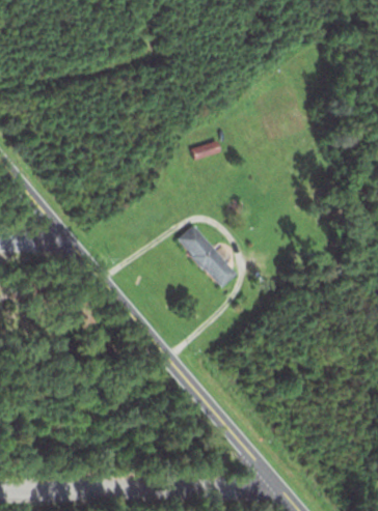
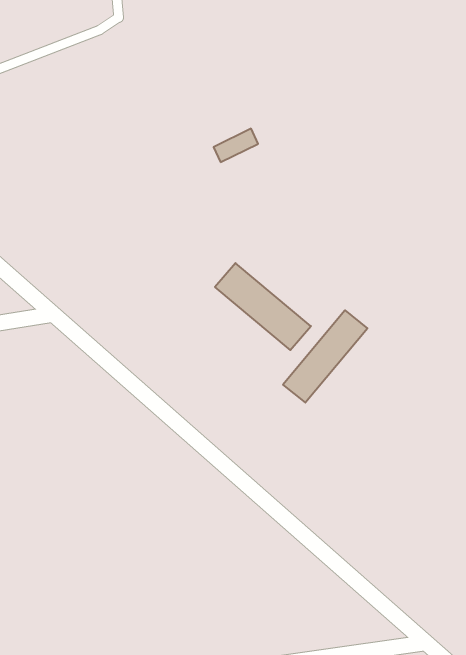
building: none -> [283,310,367,403]

